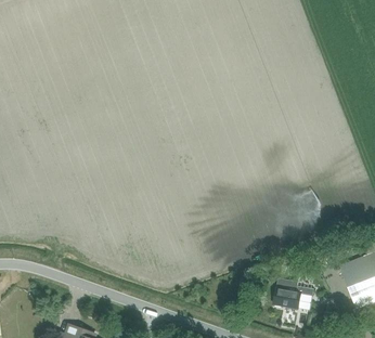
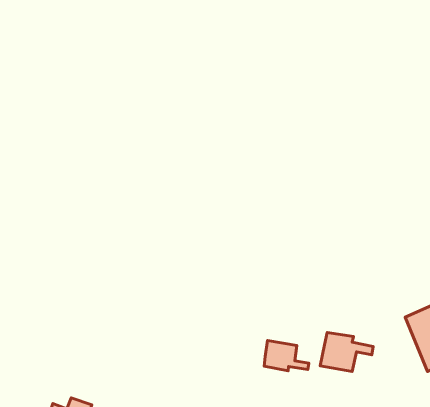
building: none -> [264,341,309,371]

